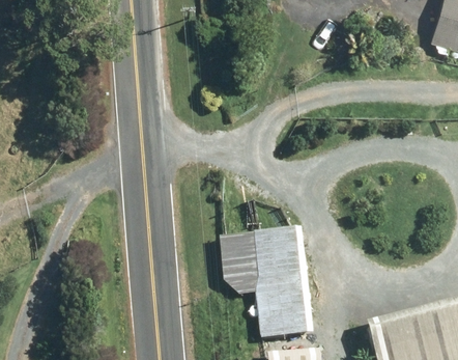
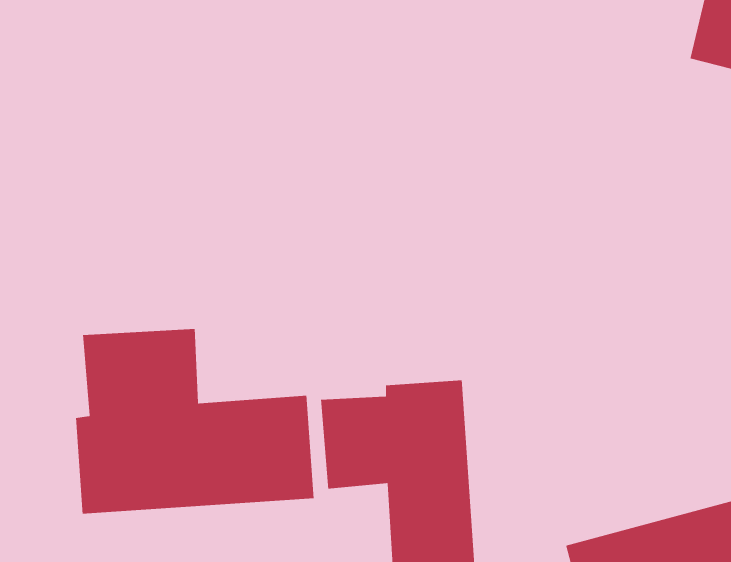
building: none -> [75,328,315,515]

